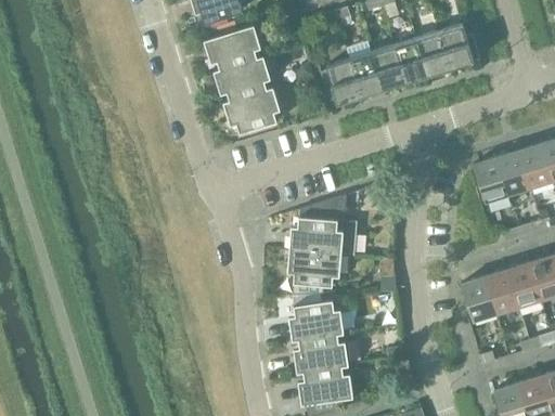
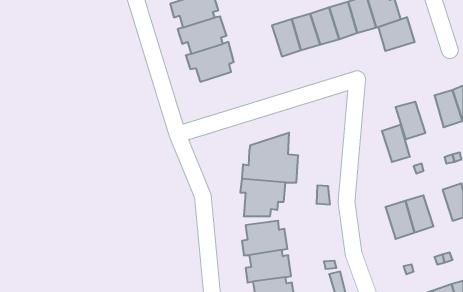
building: none -> [378,17,415,51]
building: [496,151,530,195] -> [382,125,410,162]
building: [506,263,541,307] -> none

